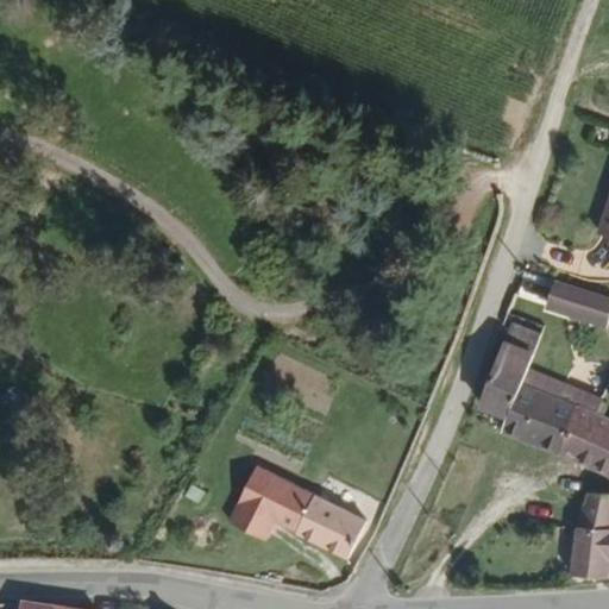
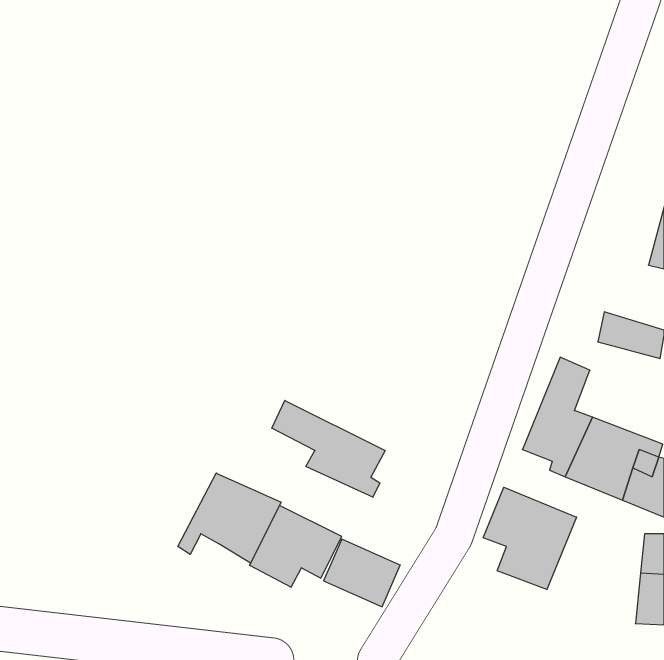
building: none -> [272,400,385,497]
building: none -> [178,473,281,563]
building: none -> [483,487,577,590]

